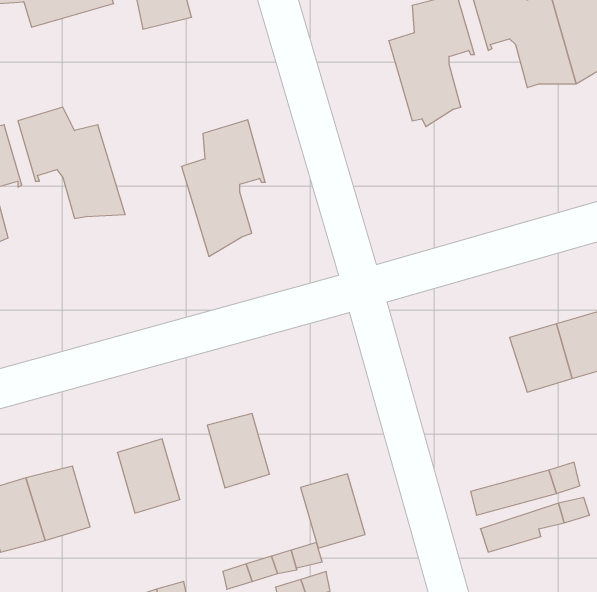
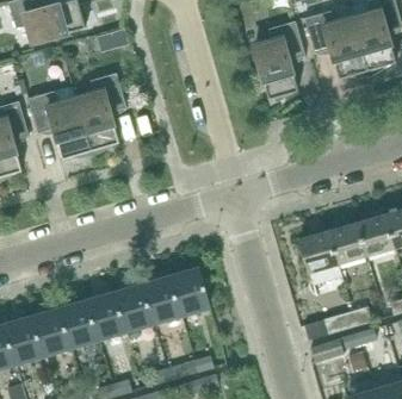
building: [181,120,265,256] -> [76,73,128,156]
building: none -> [299,231,339,273]
building: none -> [116,285,154,330]
building: none -> [61,301,99,347]
building: [301,474,365,548] -> [171,269,210,314]

